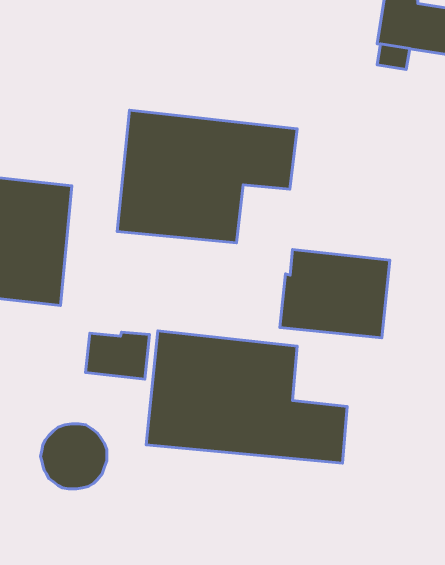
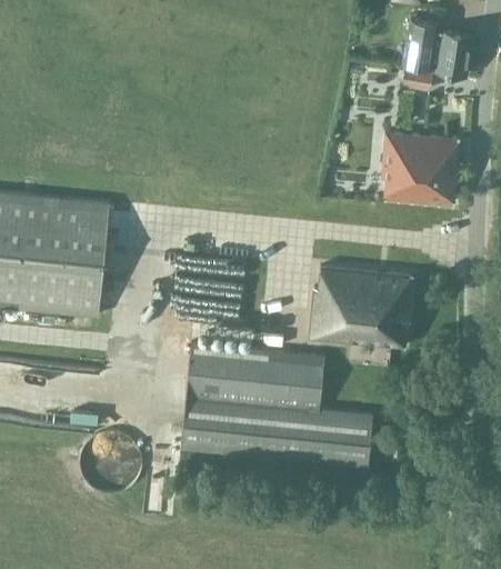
building: [117,110,297,243] -> none
building: none -> [381,131,460,206]
building: [86,332,149,379] -> none

